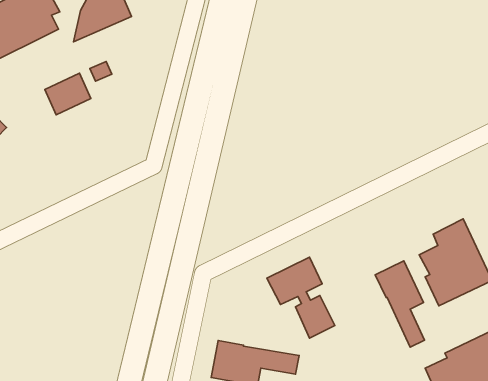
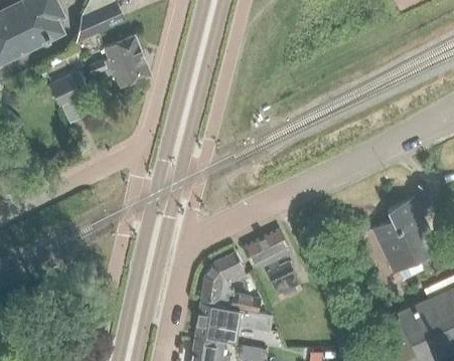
building: none -> [104,36,150,89]
building: [375,261,424,347] -> none
building: none -> [200,253,260,315]

